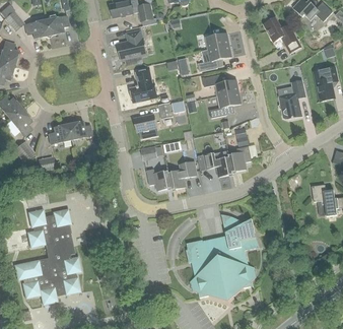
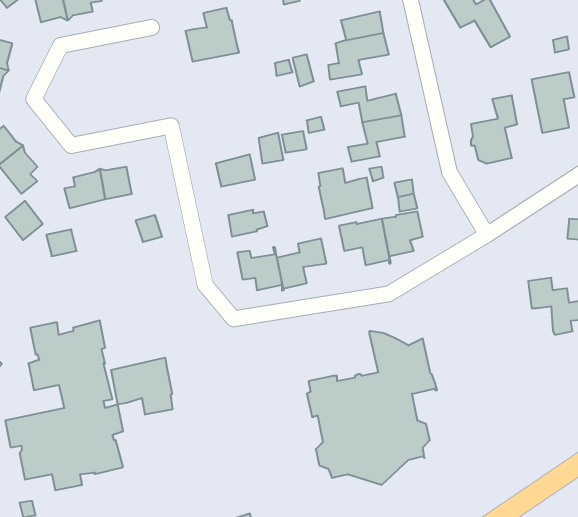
building: [130,68,157,102] -> none
building: none -> [319,168,372,219]
building: none -> [111,358,172,415]

